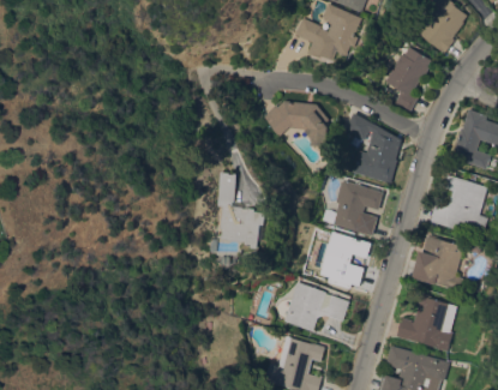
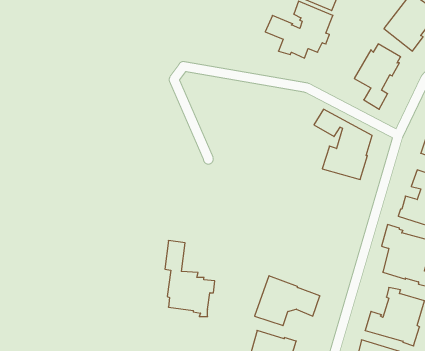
building: [262,101,330,156] -> none
building: [217,172,268,248] -> [165,241,215,317]
building: [332,181,384,232] -> none
building: [319,233,372,287] -> none

